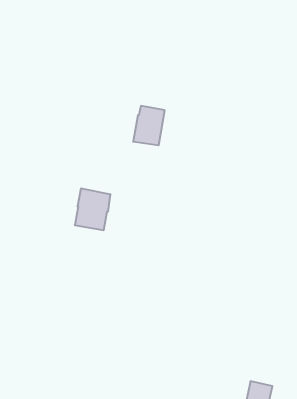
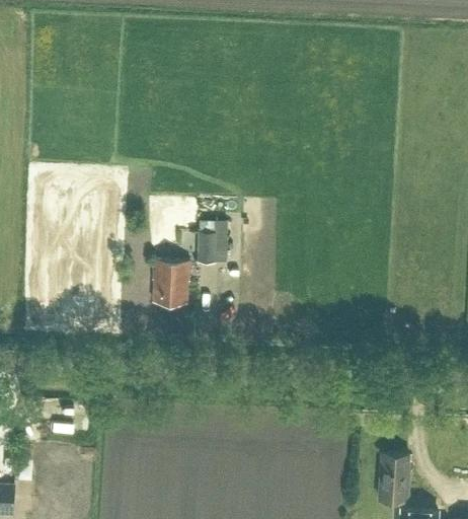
building: [133,106,165,145] -> [197,222,228,265]

